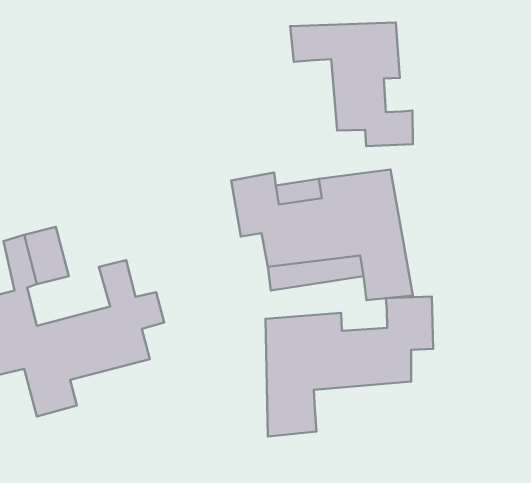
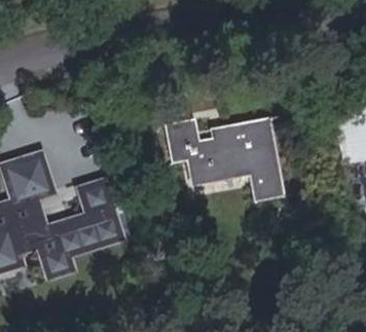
building: [290,22,413,146] -> none
building: [265,297,433,436] -> none

